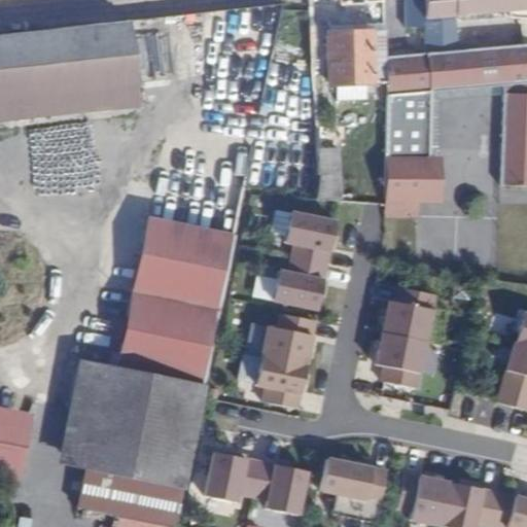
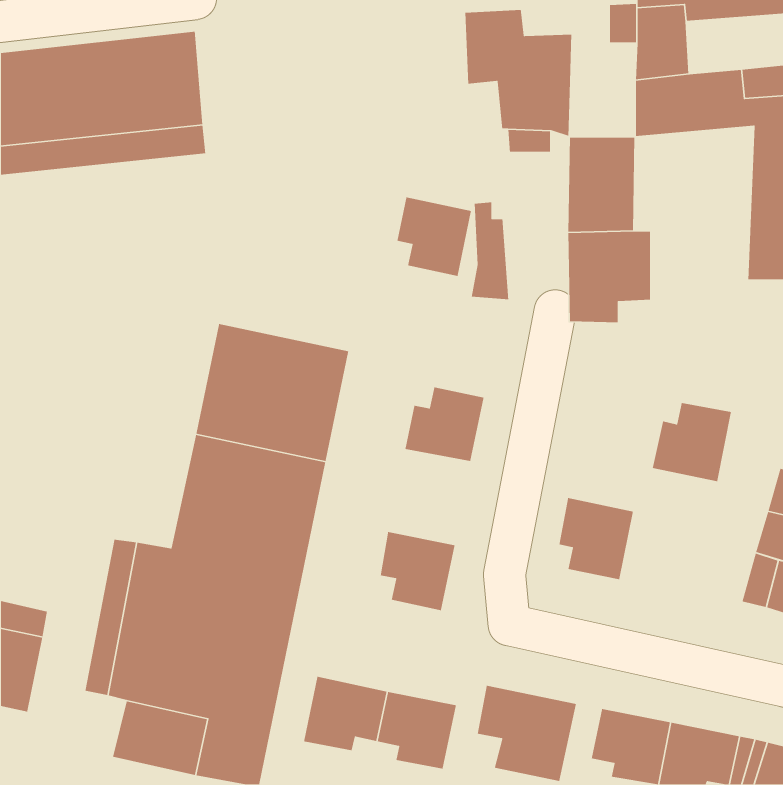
building: [383,54,427,92] -> none
building: [285,212,336,266] -> [397,197,472,277]
building: [382,288,435,342] -> [652,402,732,482]
building: [261,314,316,364] -> none

